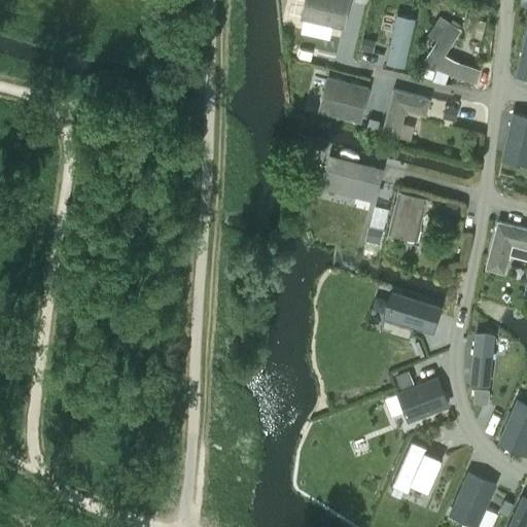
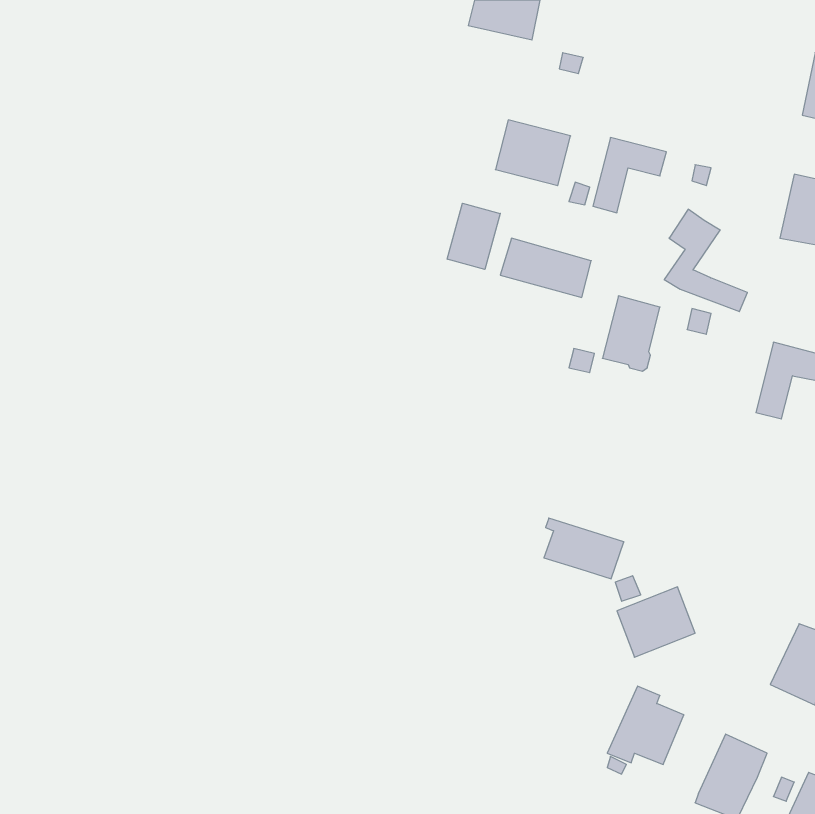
building: [425,16,479,82] -> [664,209,747,312]
building: [388,19,415,68] -> none
building: none -> [447,203,500,269]
building: [390,295,442,335] -> [544,518,624,579]
building: [468,333,492,386] -> none

